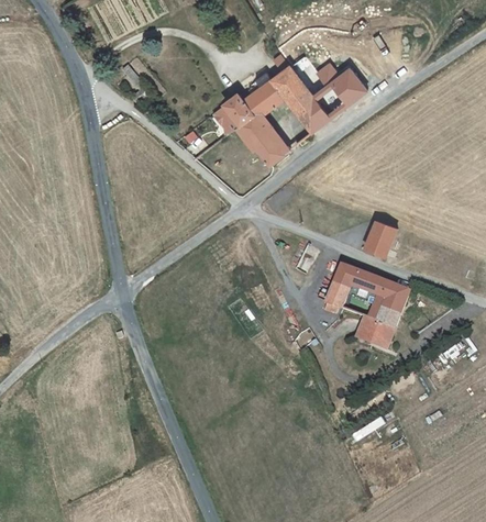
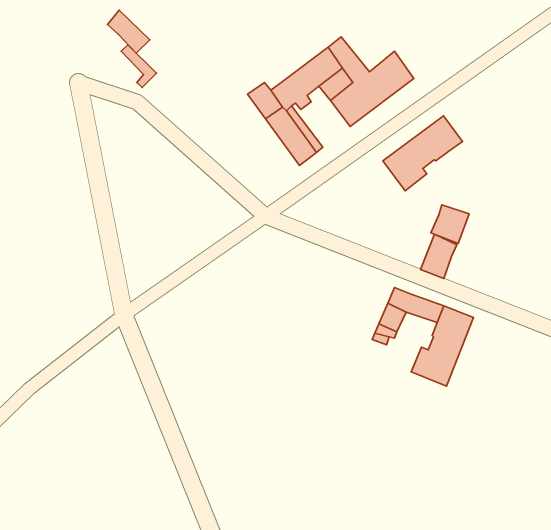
building: none -> [108,10,150,53]
building: none -> [383,116,462,191]
building: none -> [431,205,469,243]

